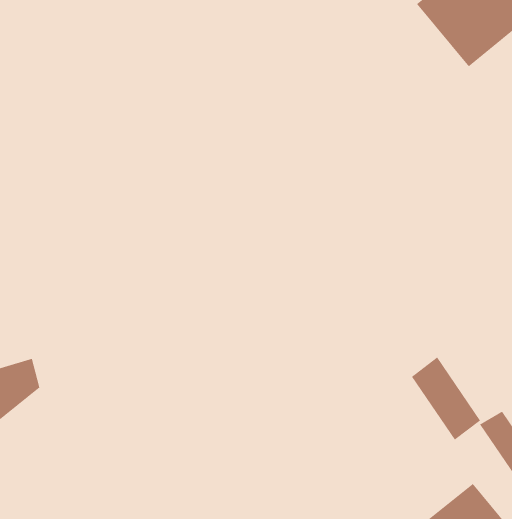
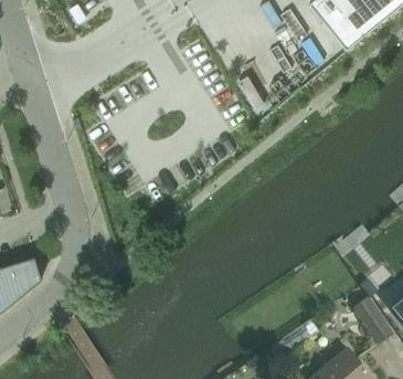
building: [411,357,481,441] -> none

